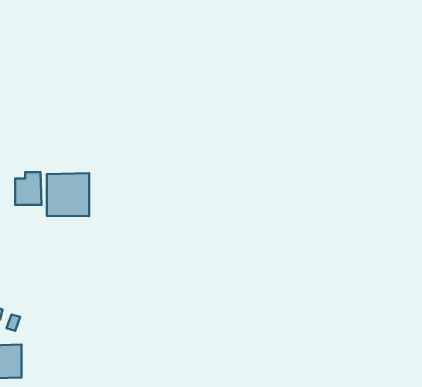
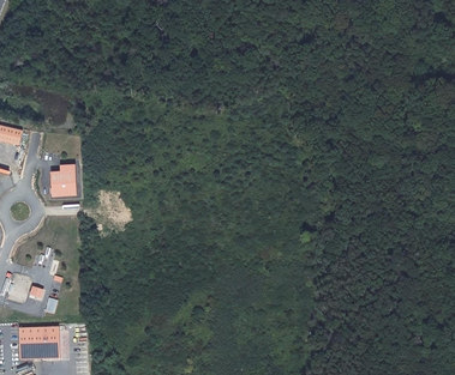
building: [47,173,89,216] -> none

